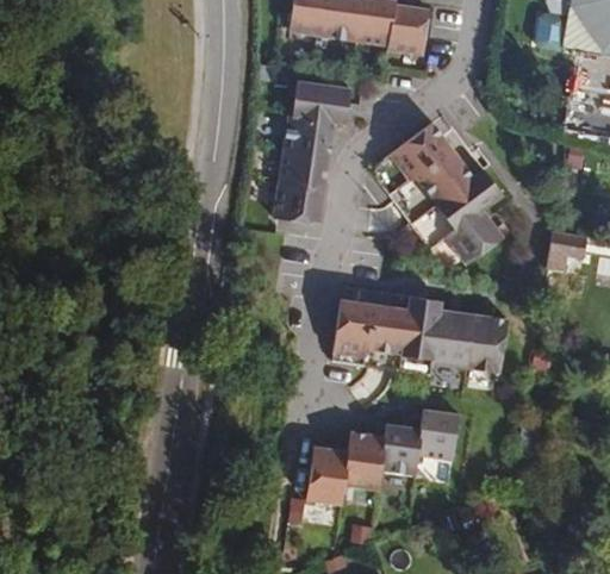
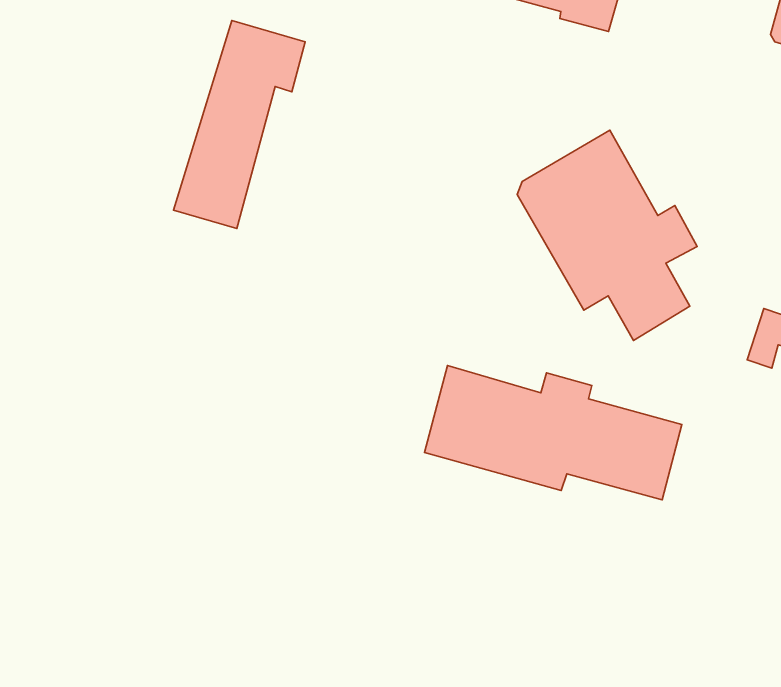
building: [274,80,350,223] -> [173,21,305,229]
building: [306,408,459,503] -> none

